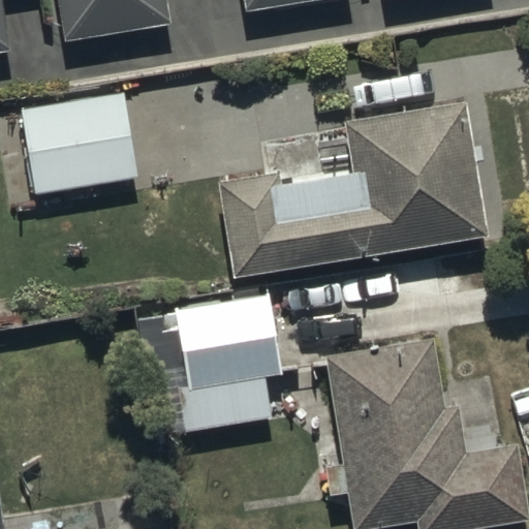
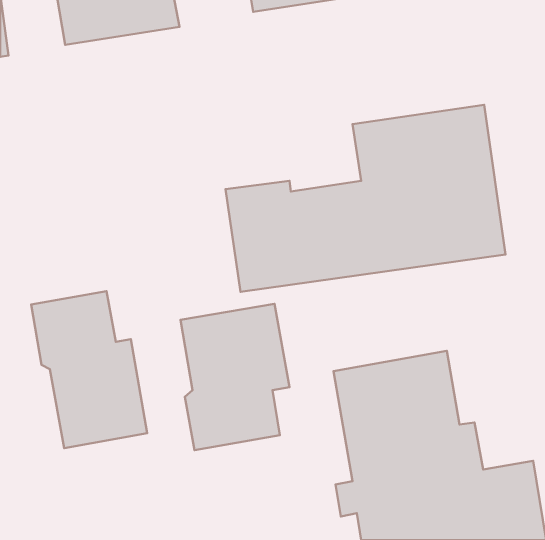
building: [20,86,137,189] -> none
building: none -> [31,291,147,448]

